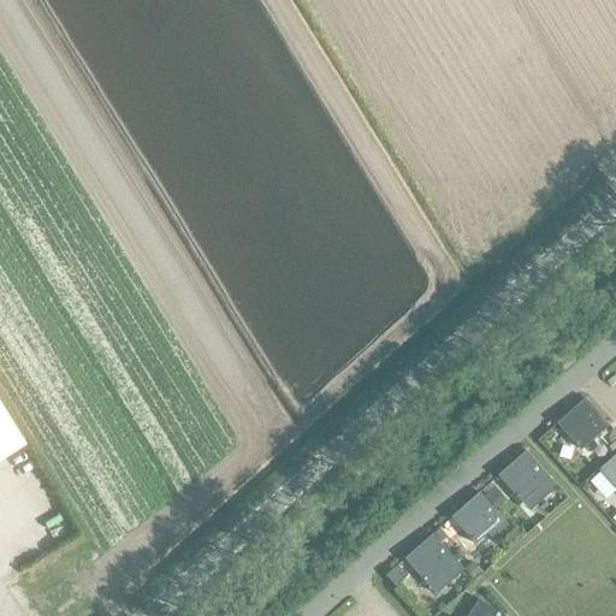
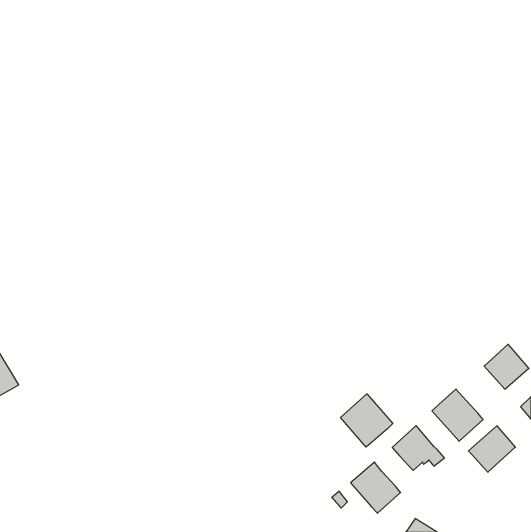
building: none -> [341,394,393,447]
building: none -> [468,426,515,472]

